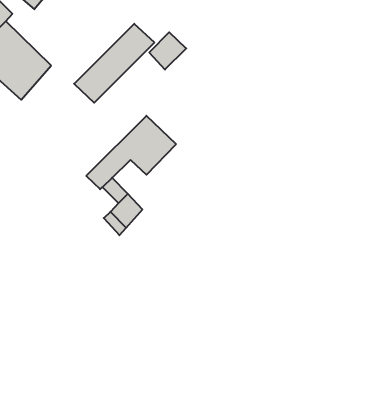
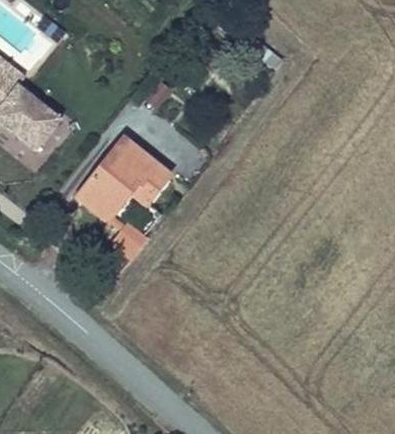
building: [74,24,154,103] -> [79,135,144,207]

